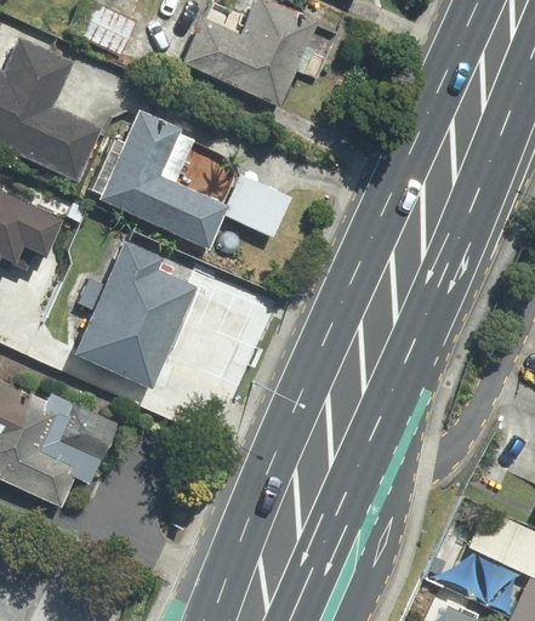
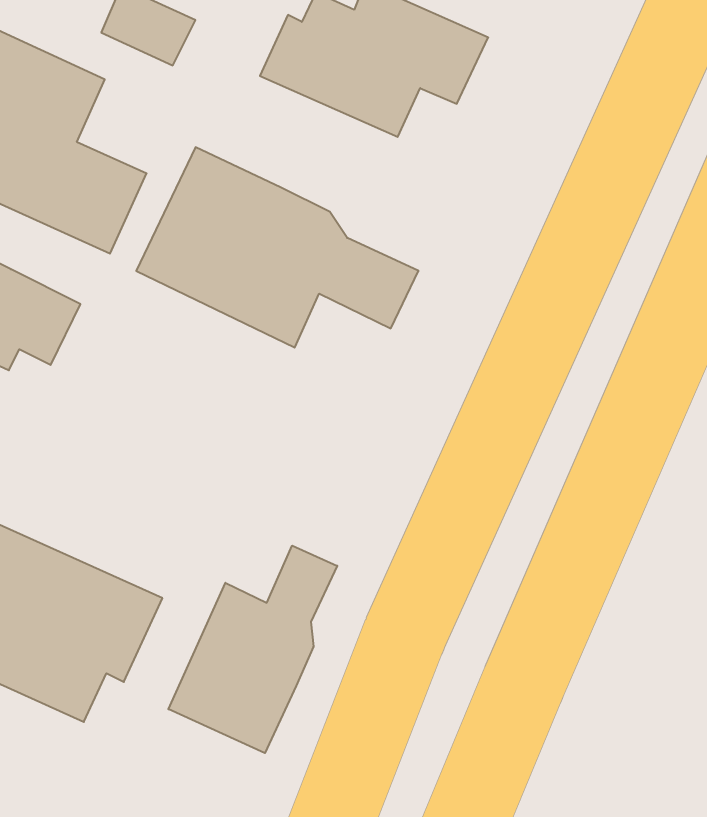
building: [76,244,200,387] -> none
building: none -> [168,546,337,753]

